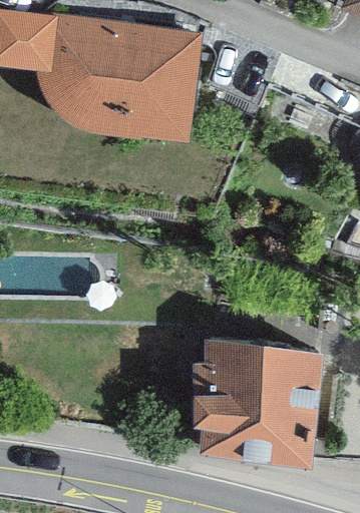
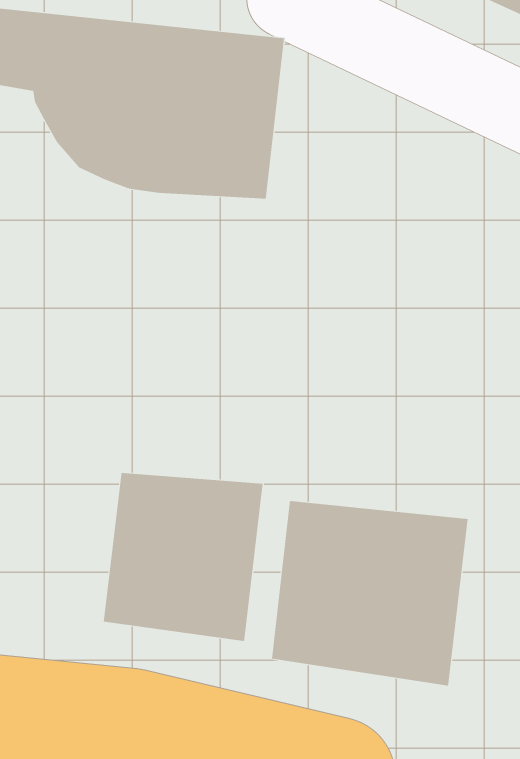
building: none -> [103,472,263,642]

